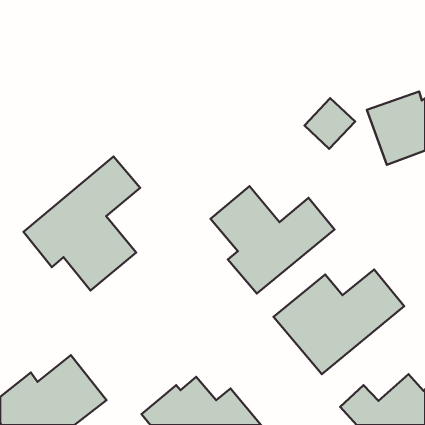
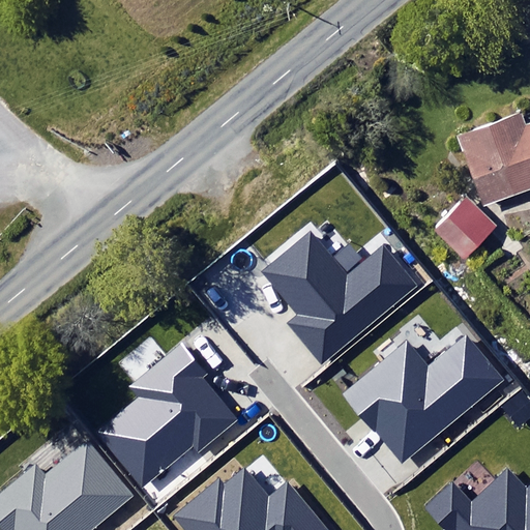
building: [304,98,355,149] -> [434,197,497,260]
building: [23,157,140,290] -> none
building: none -> [95,344,239,490]

